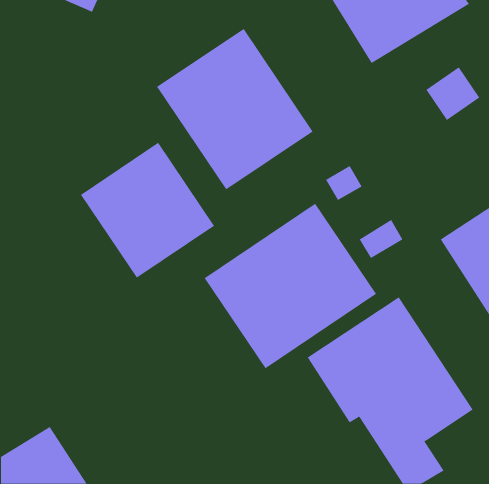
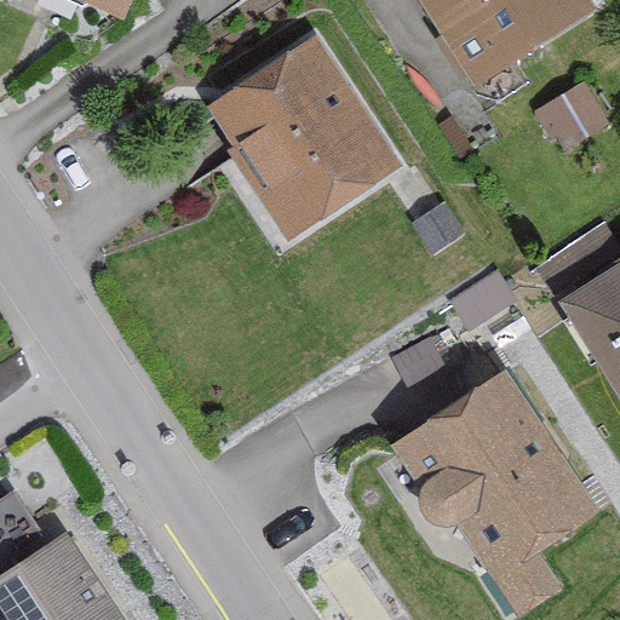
building: [80,142,215,279] -> none
building: [204,203,377,369] -> none

